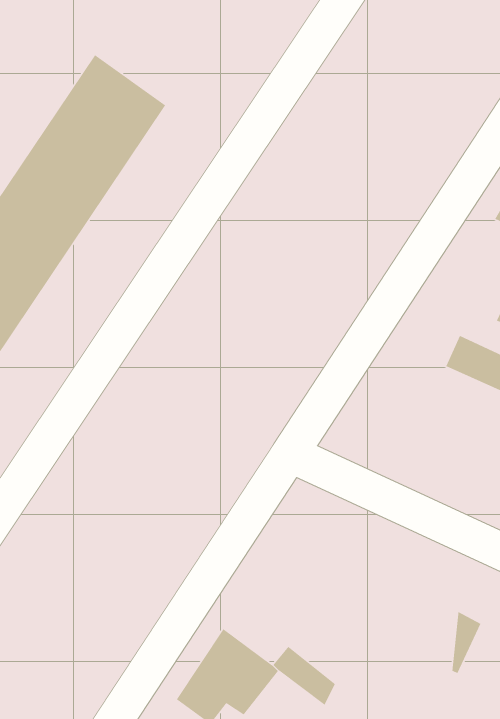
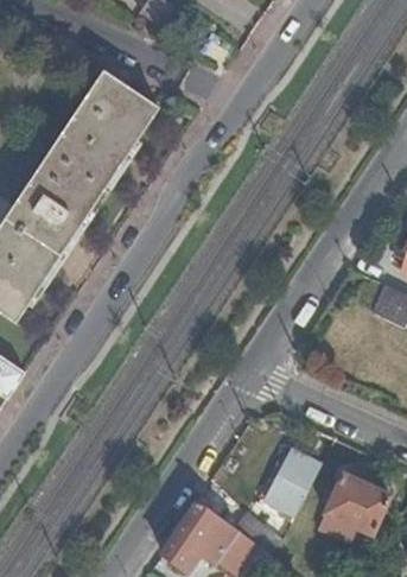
building: none -> [266,450,323,515]
building: none -> [326,475,370,532]

